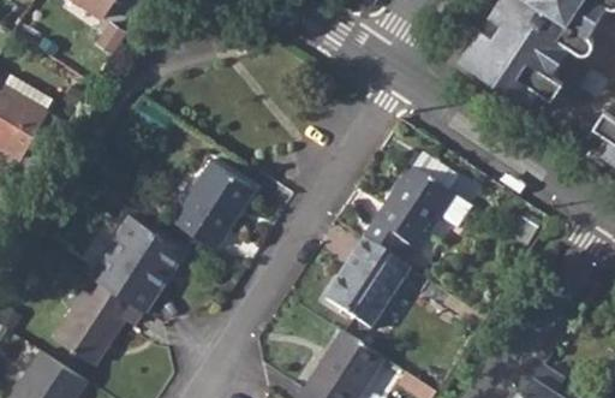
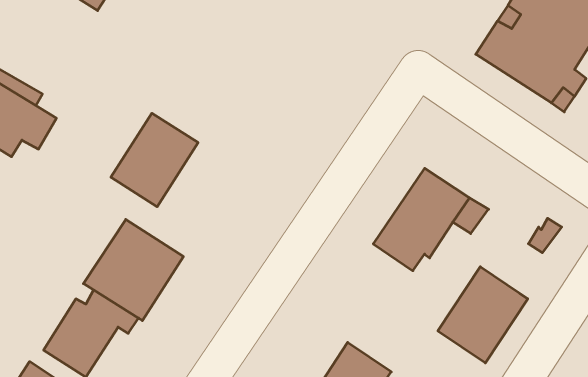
building: [177,161,258,249] -> [111,113,198,207]
building: [324,238,408,328] -> [438,267,528,363]

